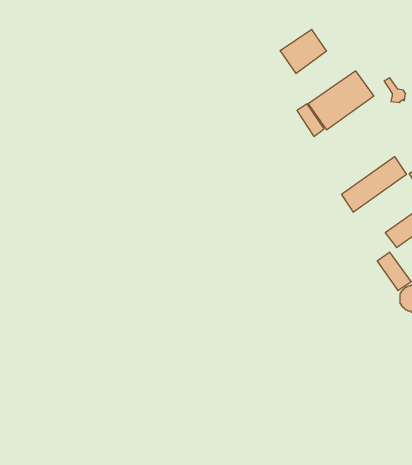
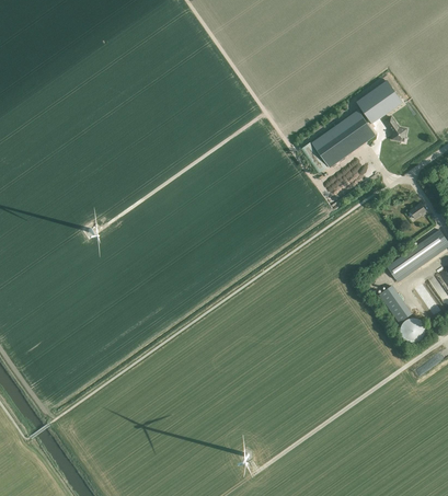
building: [280,29,327,74] -> [357,81,402,124]
building: [342,157,406,212] -> none

